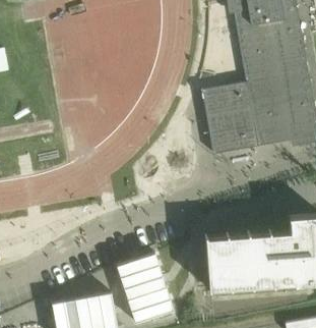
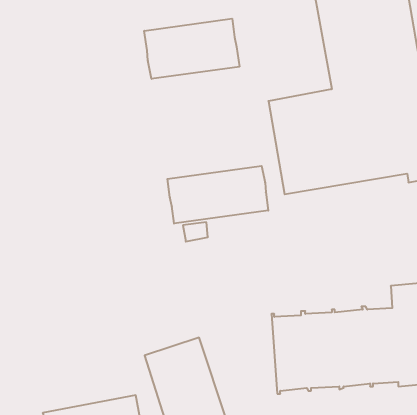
building: none -> [144,19,239,79]
building: none -> [167,166,268,224]

